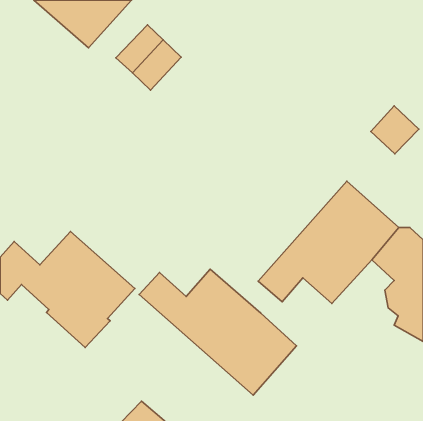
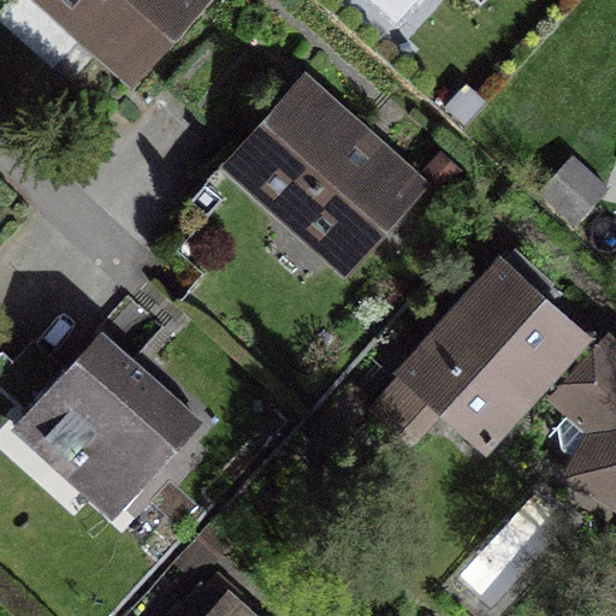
building: none -> [237,91,413,263]
building: [139,269,296,395] -> none

